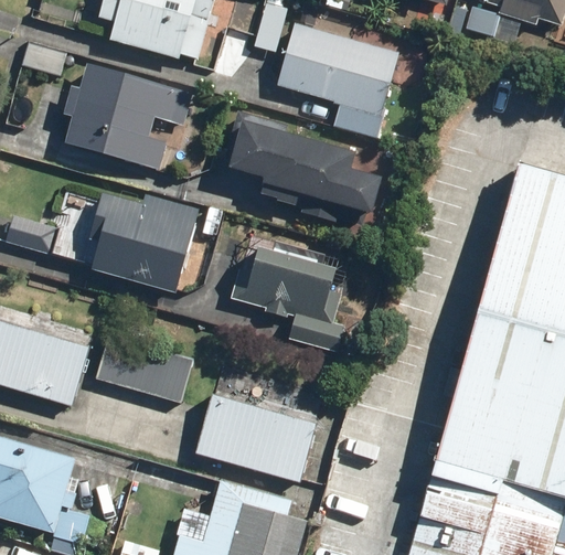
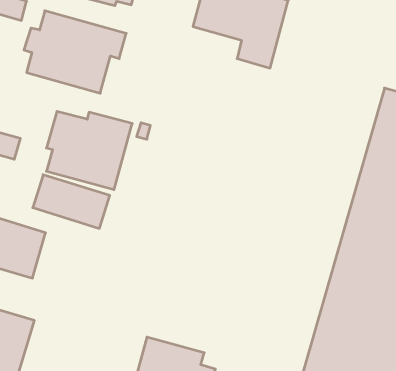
building: [230,115,373,216] -> none
building: [231,246,345,352] -> none
building: [95,334,193,403] -> [33,175,110,228]
building: [196,394,317,482] -> none

